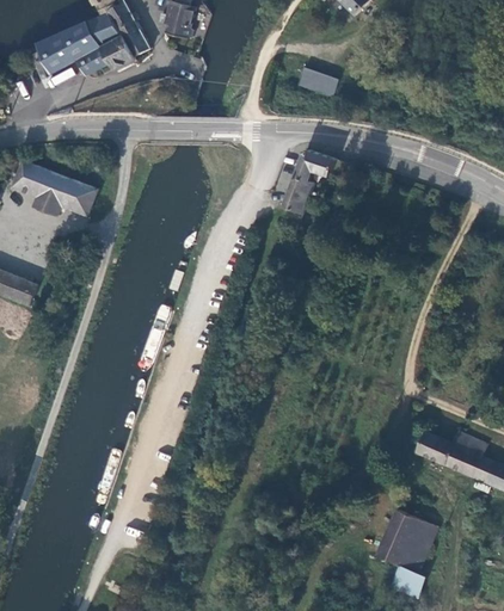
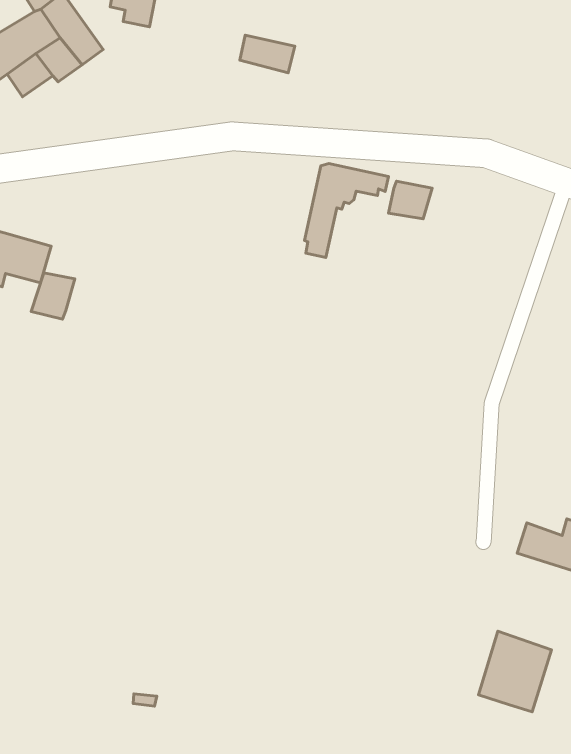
building: [295,66,337,97] -> [240,35,295,73]
building: none -> [388,181,432,219]
building: none -> [31,273,75,319]
building: [391,563,426,595] -> none

